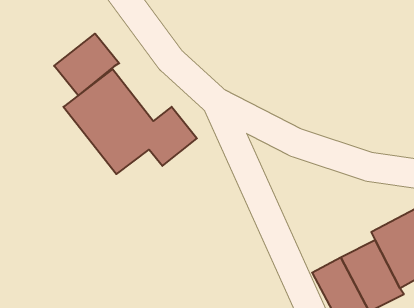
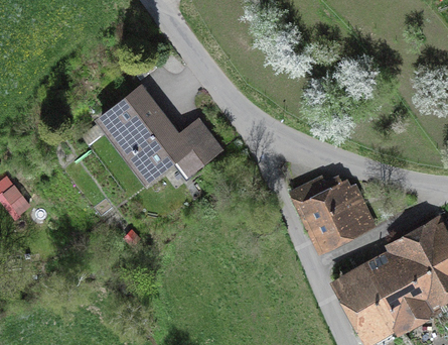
building: [54,34,119,95] -> none
building: none -> [289,176,376,253]

